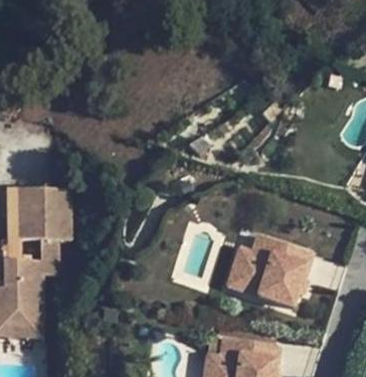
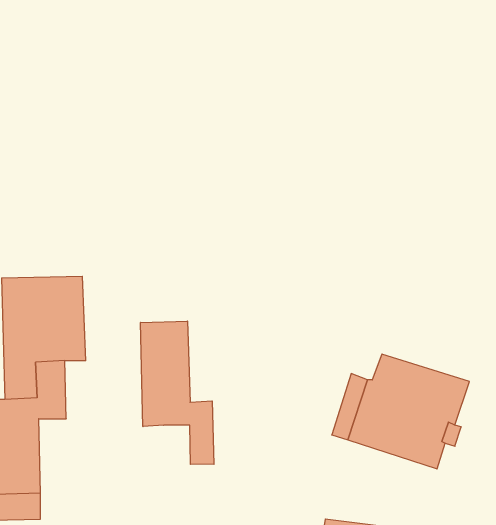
building: none -> [141,321,214,464]

